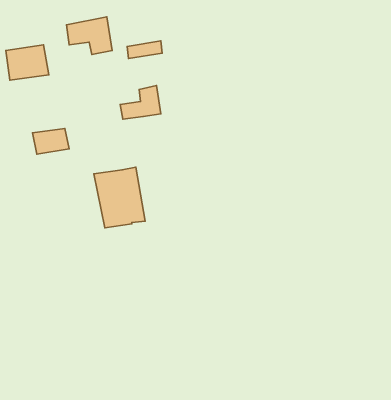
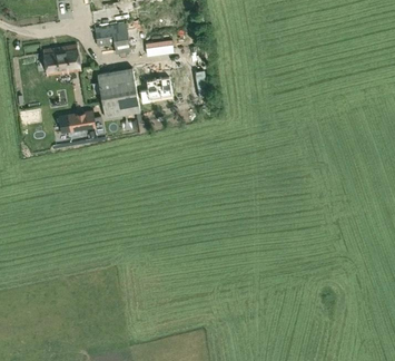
building: [94,167,145,228] -> [96,66,138,116]

